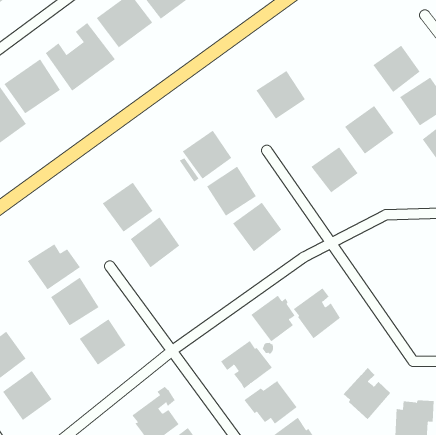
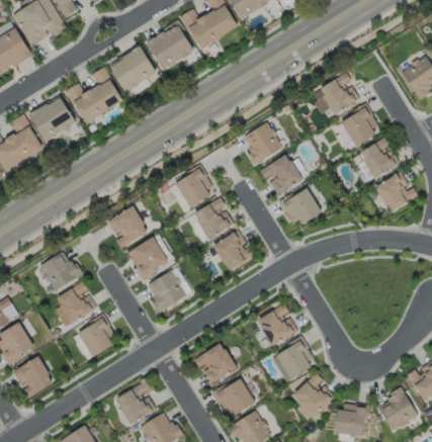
building: none -> [311,74,358,117]
building: [344,105,395,155] -> [261,154,303,194]
building: none -> [145,266,190,310]
building: [251,295,295,343] -> [275,341,313,380]

